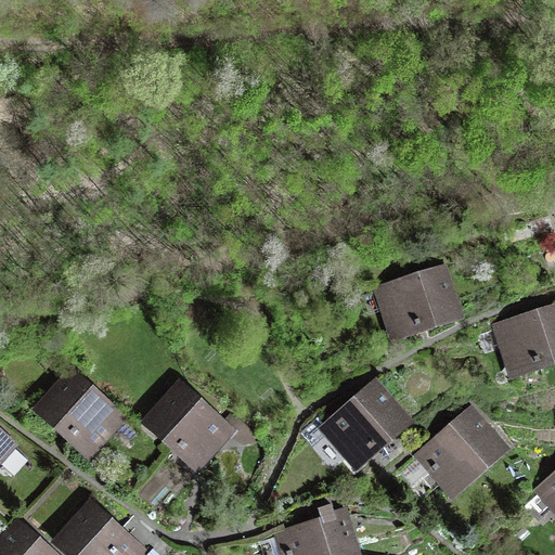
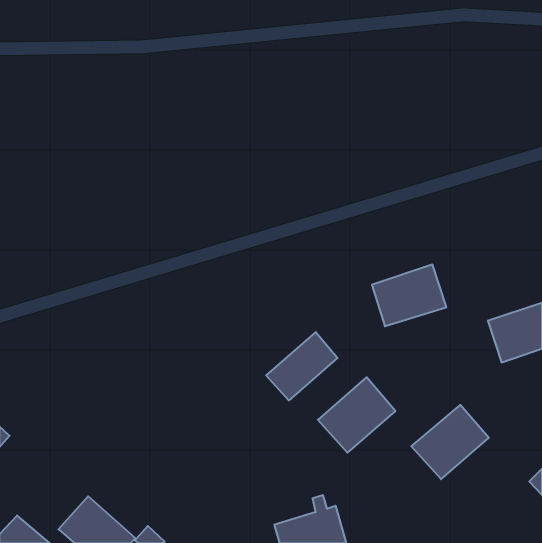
building: none -> [266,332,337,400]
building: [41,374,119,451] -> none
building: [149,387,228,465] -> none

